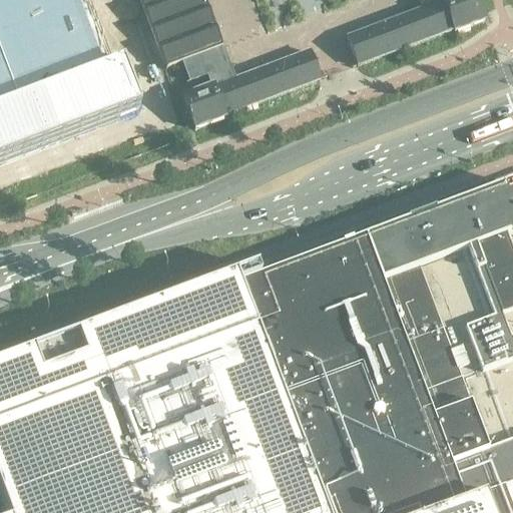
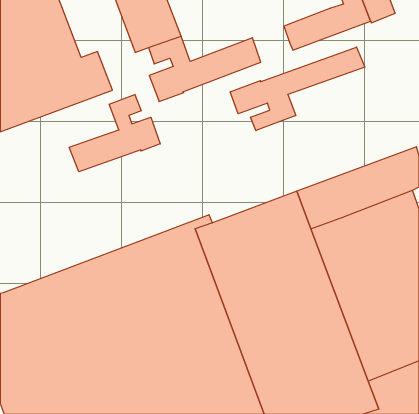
building: none -> [230,47,365,131]
building: none -> [69,94,160,172]

